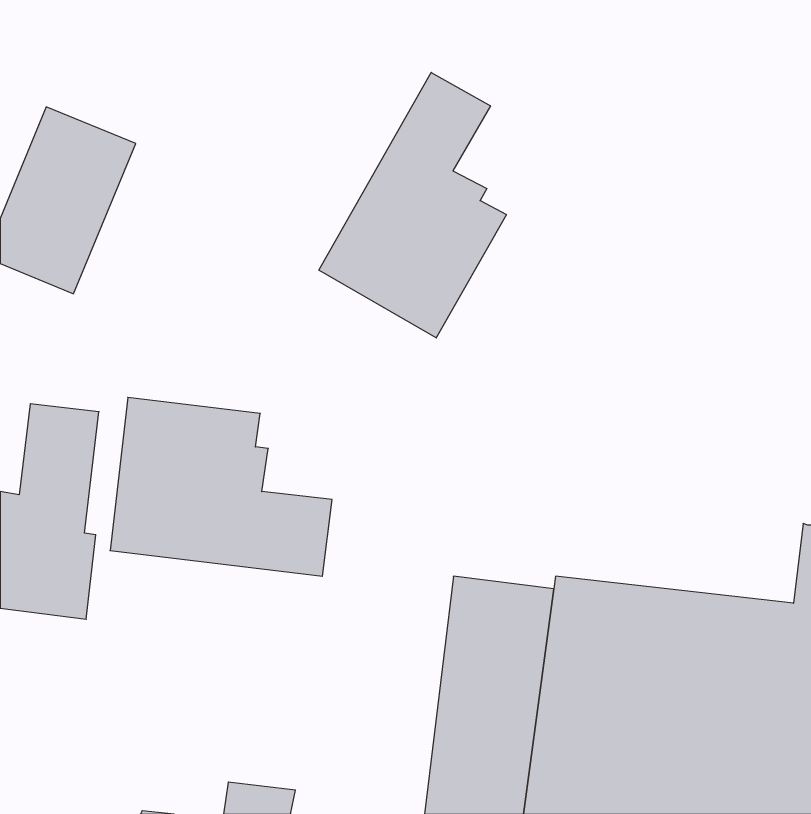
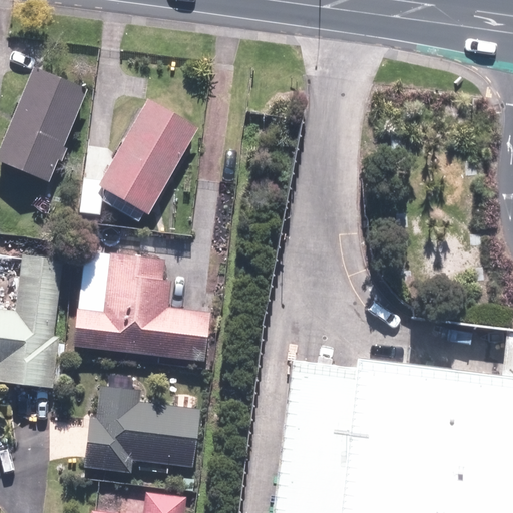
building: [319,72,506,338] -> none
building: none -> [96,99,198,216]
building: none -> [80,384,203,475]

